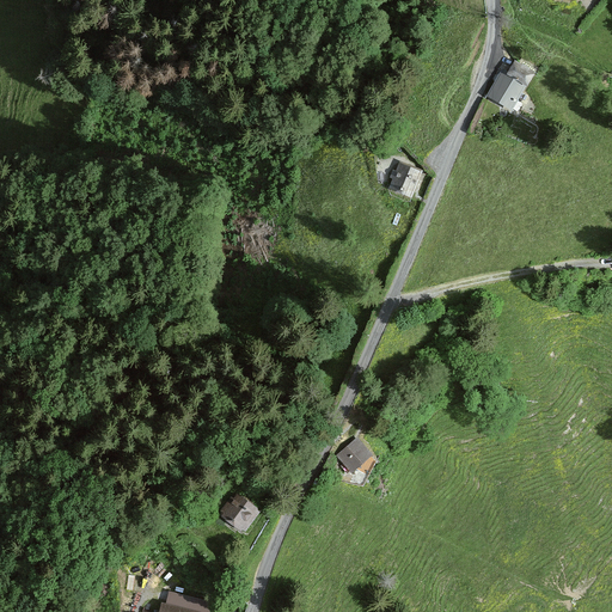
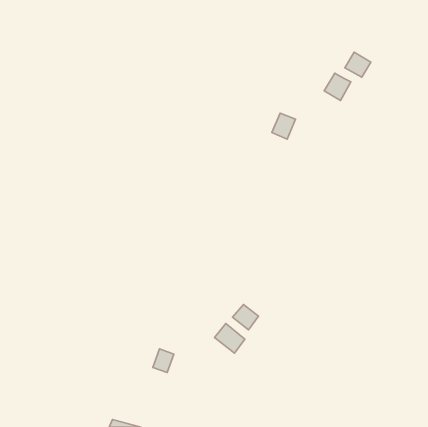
building: none -> [324,73,351,100]
building: none -> [214,323,245,353]

